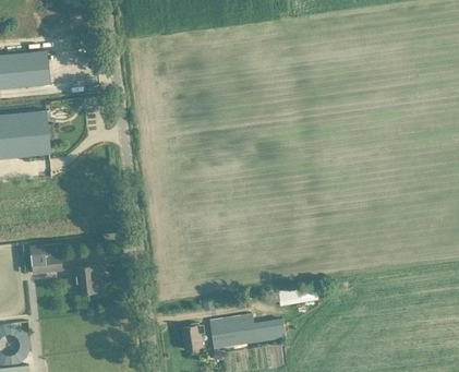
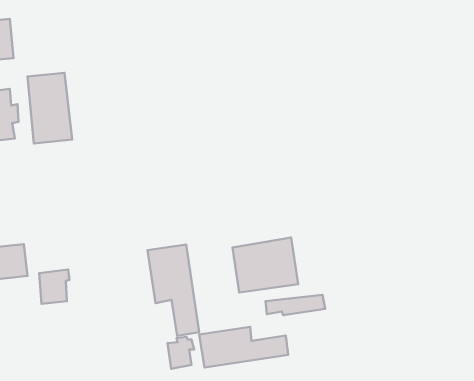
building: none -> [27,73,72,143]
building: none -> [232,237,298,293]
building: none -> [148,244,199,336]

